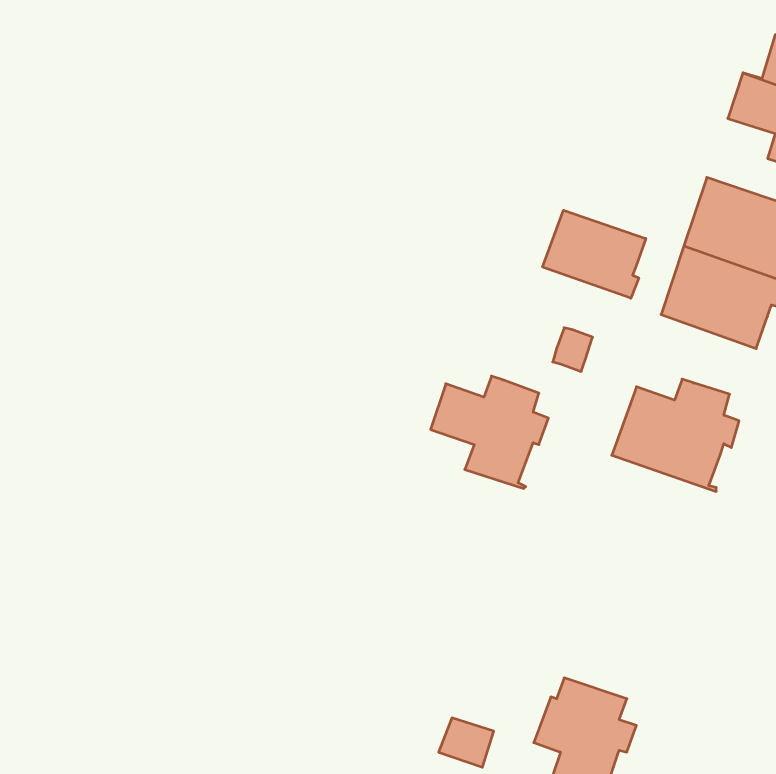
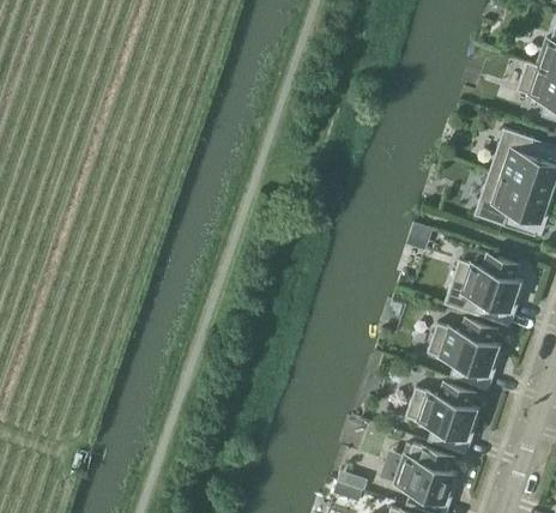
building: [543,210,646,298] -> none
building: [431,376,548,488] -> [428,318,502,388]
building: none -> [405,381,481,453]

